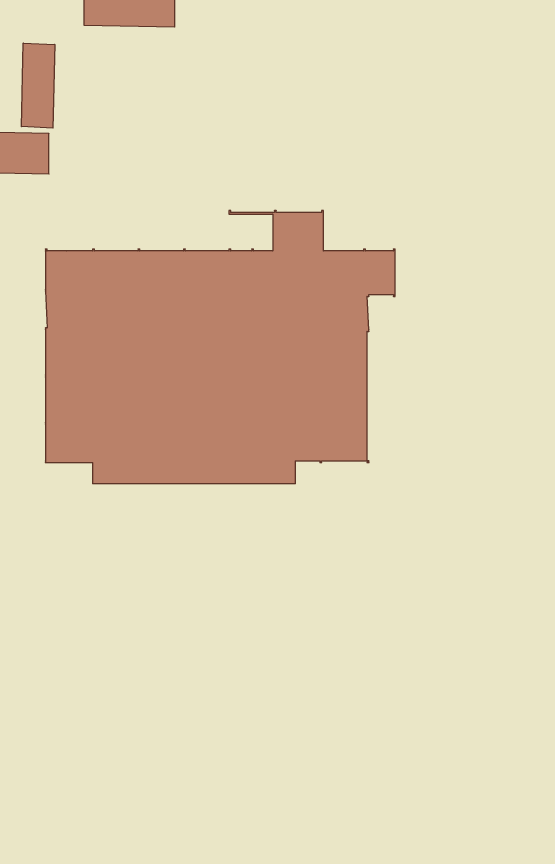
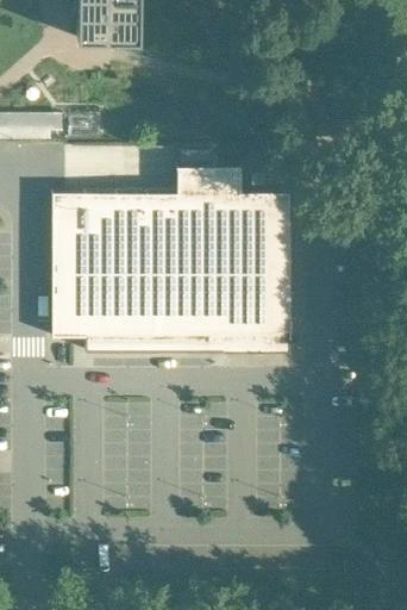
building: [21,43,55,128] -> none

